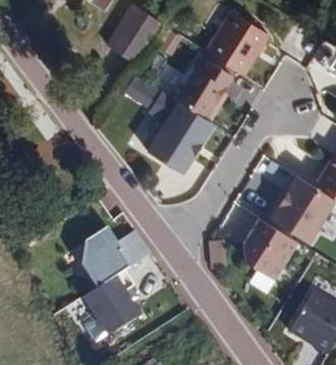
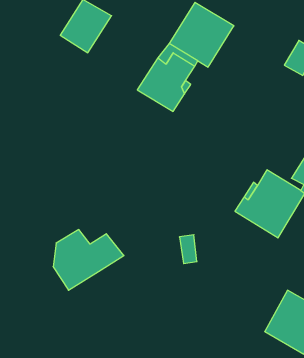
building: [143,83,208,164] -> none
building: [244,225,304,298] -> none
building: [86,279,145,340] -> none

